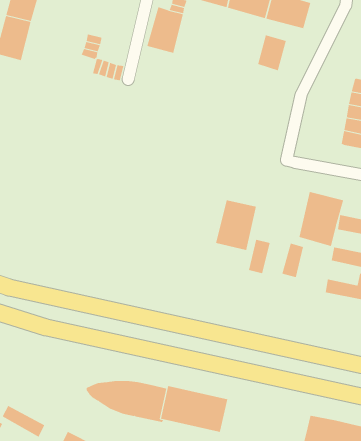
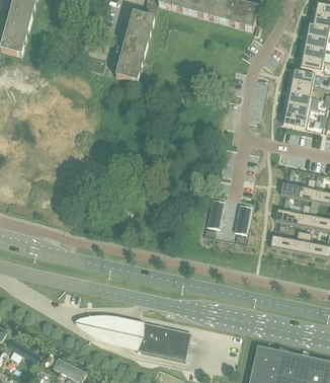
building: [258,35,287,71] -> none
building: none -> [115,43,147,81]
building: [299,191,344,247] -> none
building: [215,199,256,251] -> none

